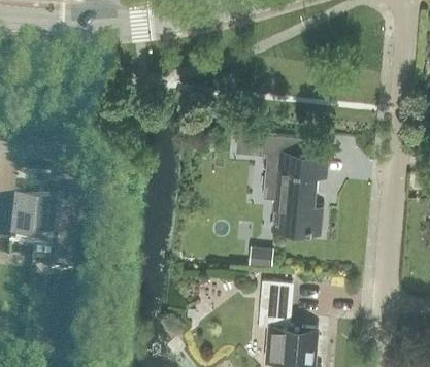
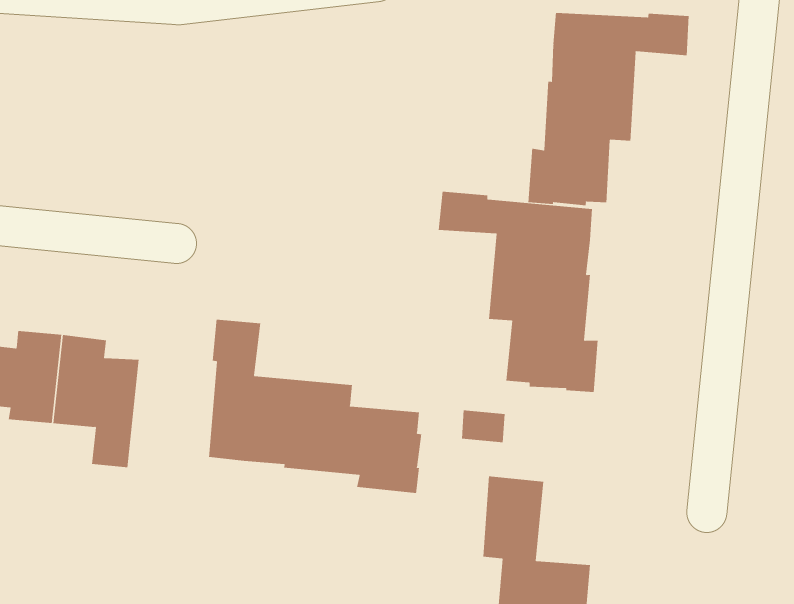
building: none -> [528,12,689,206]
building: none -> [208,319,422,494]

